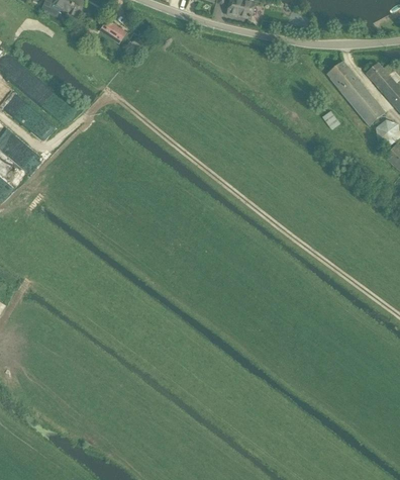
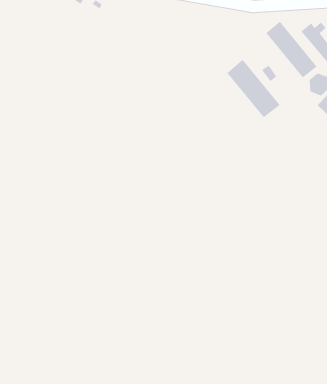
building: none -> [226,59,280,118]

